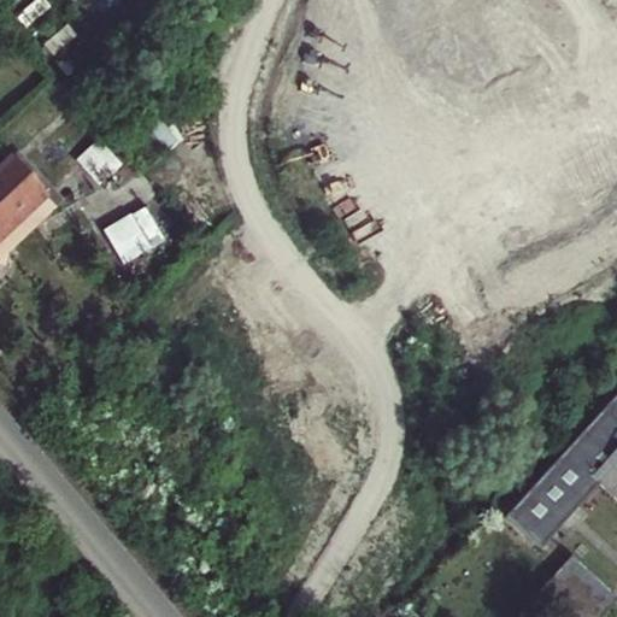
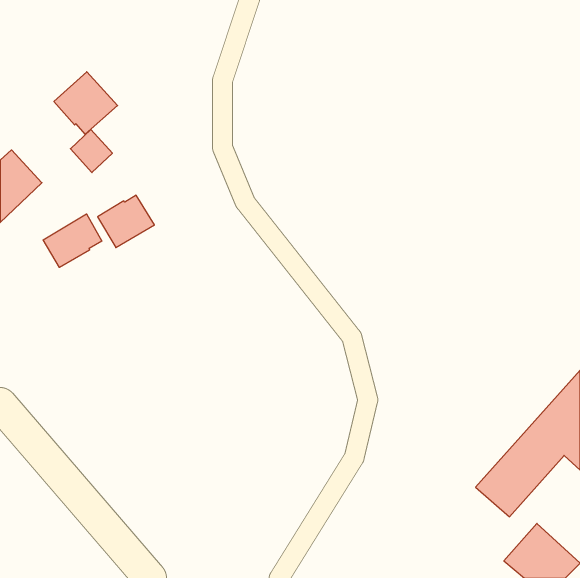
building: none -> [54,72,118,134]
building: none -> [43,214,102,267]

